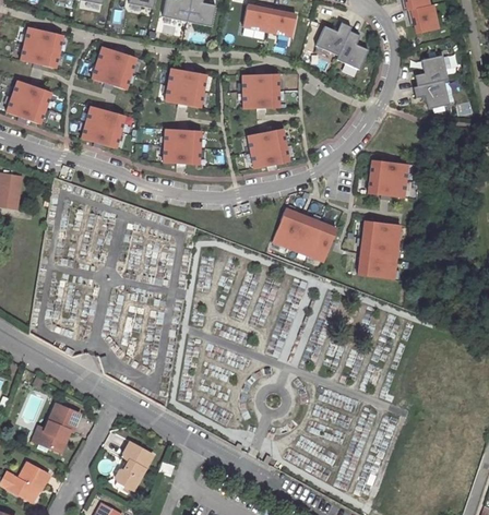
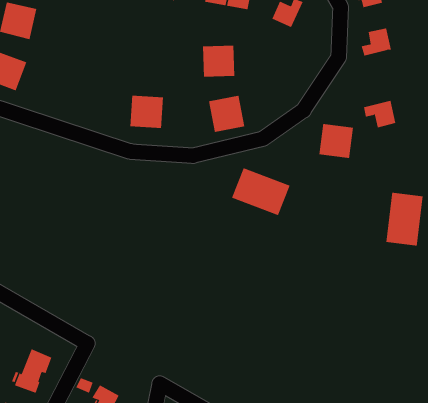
building: [337,31,369,70] -> none
building: [92,47,135,89] -> none
building: [165,68,205,108] -> none
building: [413,80,449,110] -> [363,100,396,128]
building: [82,106,124,148] -> none
building: [358,220,399,279] -> [385,192,424,246]

